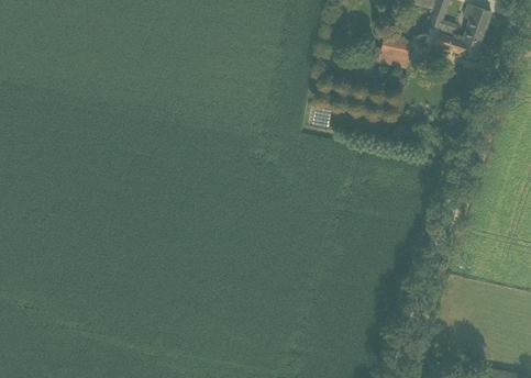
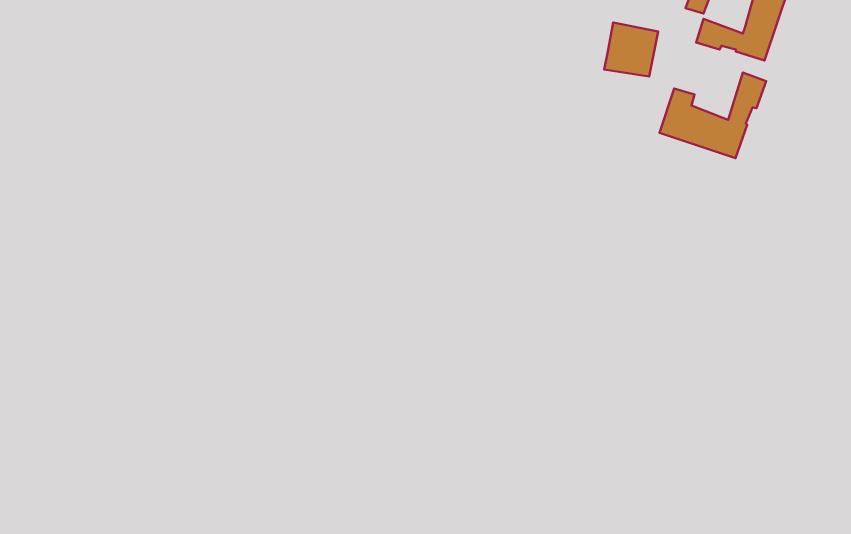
building: none -> [659,73,766,158]

